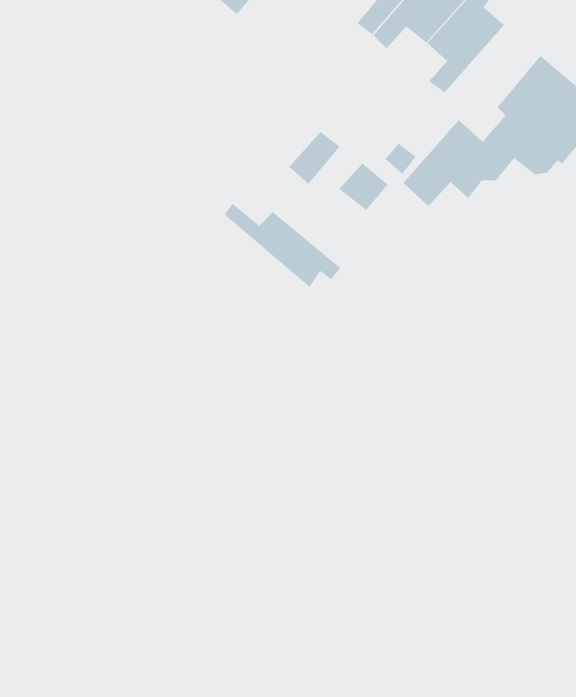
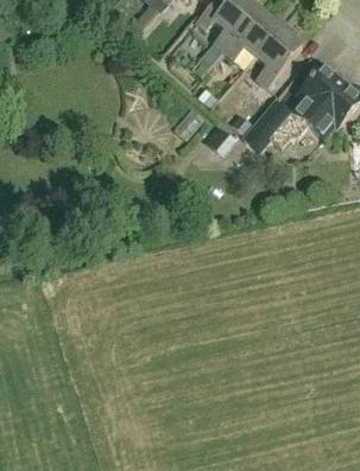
building: [224,203,341,288] -> none

